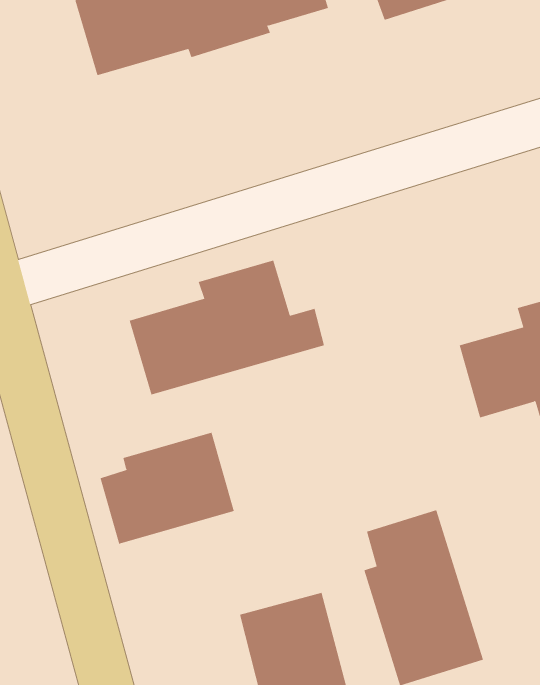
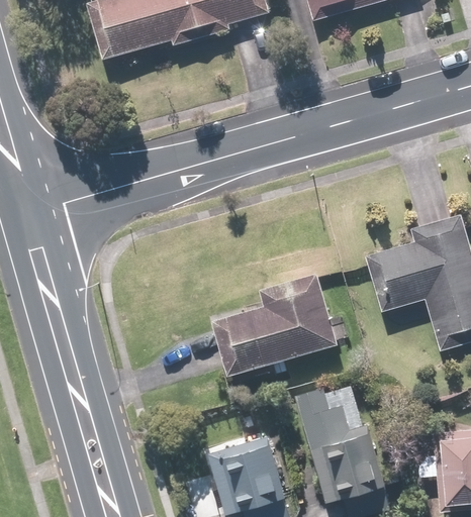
building: [129,260,325,395] -> [209,277,353,376]
building: [100,432,235,545] -> none

